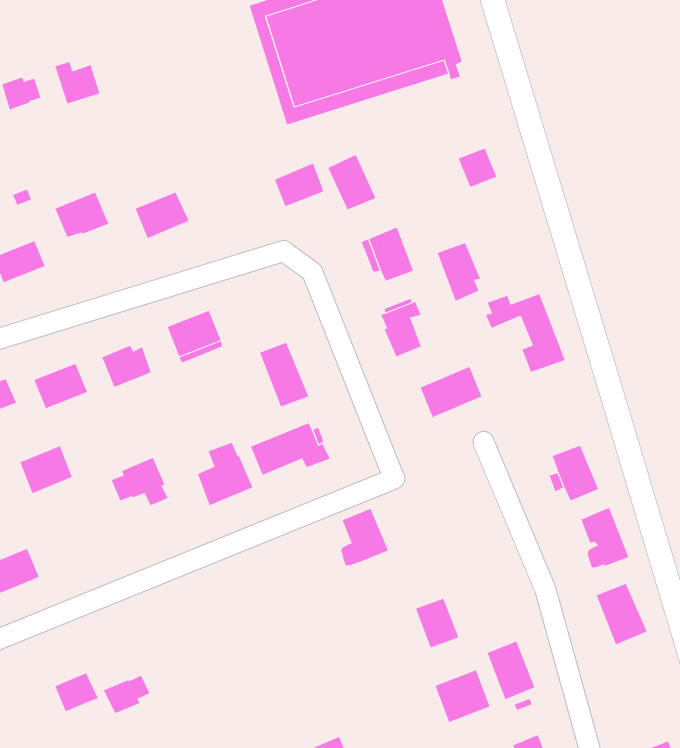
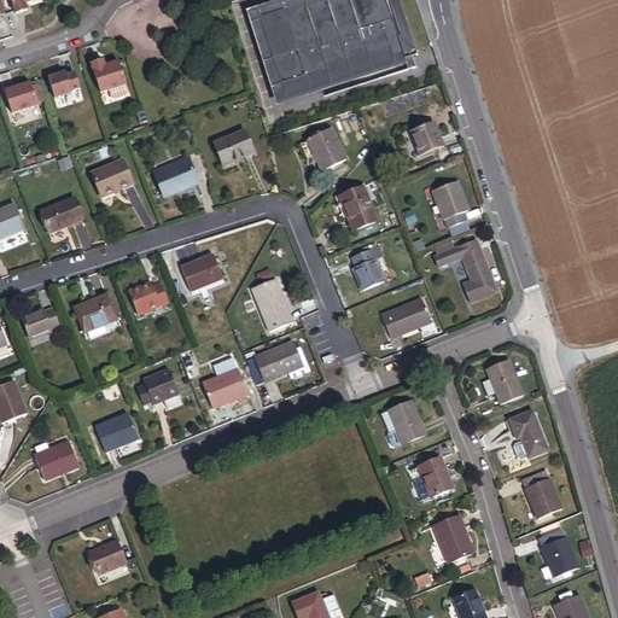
building: [274,163,324,207] -> [214,129,253,164]
building: [437,242,481,301] -> [435,181,470,228]
building: [20,445,73,494] -> [95,413,138,451]
building: [340,508,389,566] -> [387,401,426,447]
building: [415,598,459,648] -> [419,456,454,496]
building: none -> [538,529,579,578]
building: [435,669,490,723] -> none
building: [103,675,150,714] -> none

